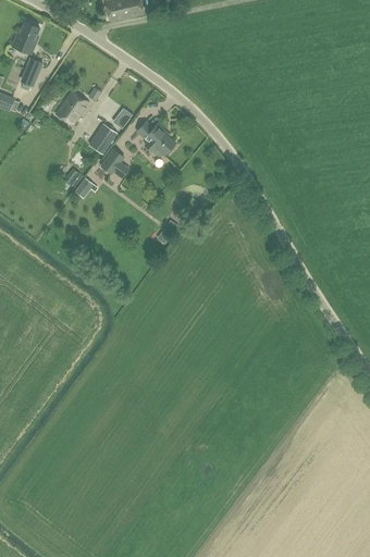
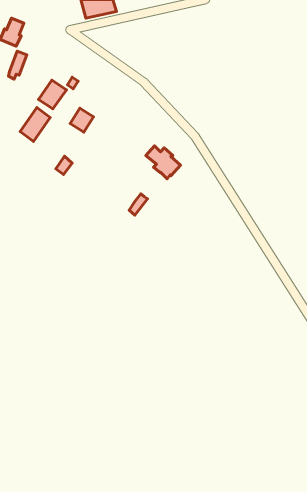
building: [136,120,175,157] -> [146,146,181,179]
building: none -> [20,107,50,141]
building: [100,147,130,177] -> none

